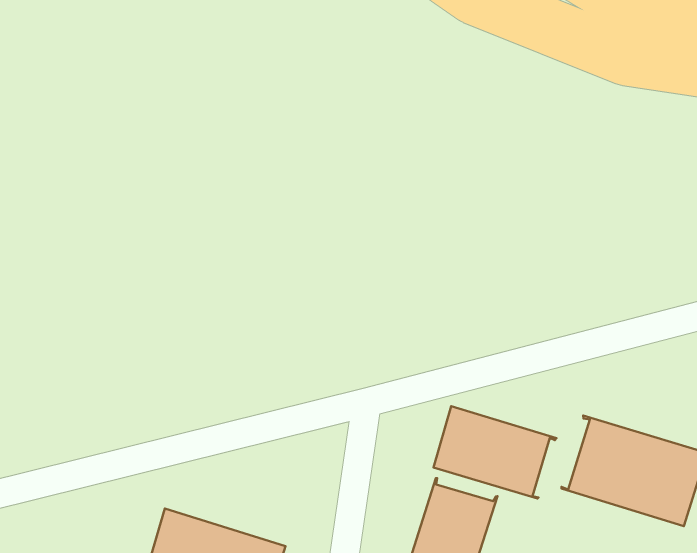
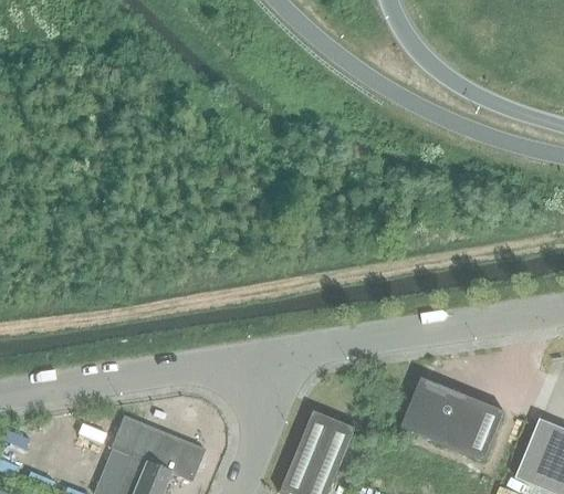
building: [433,406,556,499] -> none

